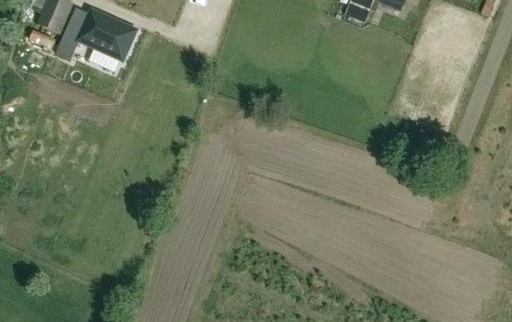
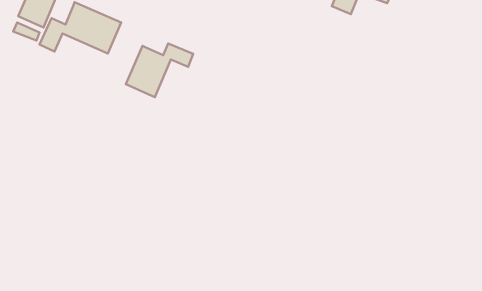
building: none -> [126,44,193,97]

